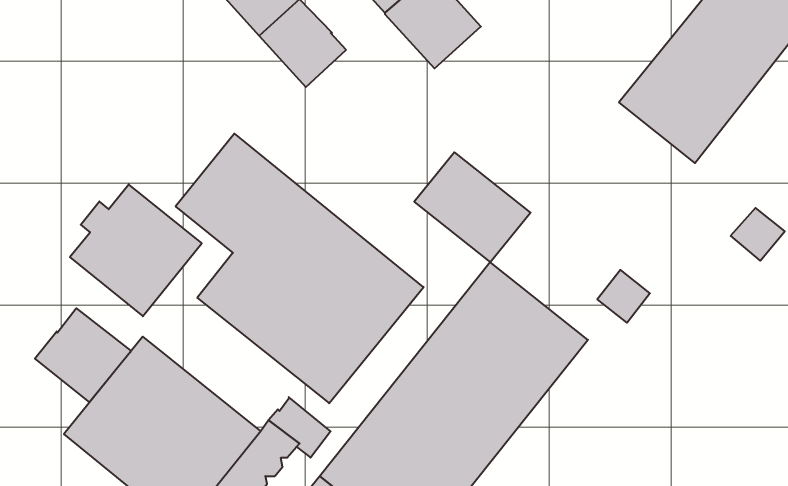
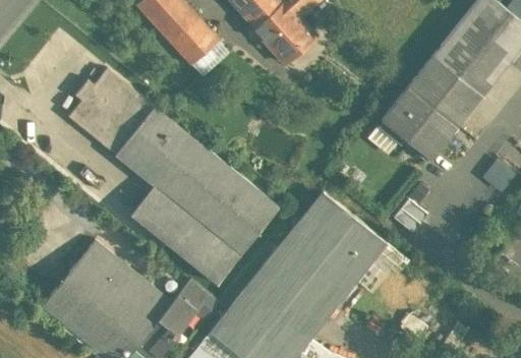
building: [414,152,531,262] -> [381,86,457,159]
building: [70,184,202,316] -> [68,68,155,155]
building: [35,308,131,402] -> none

